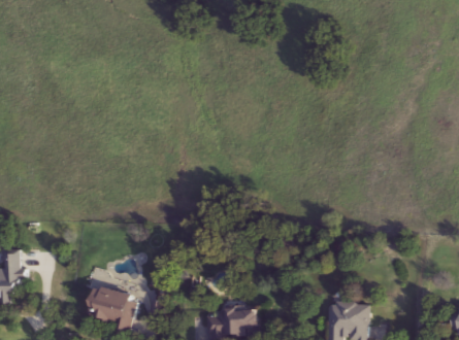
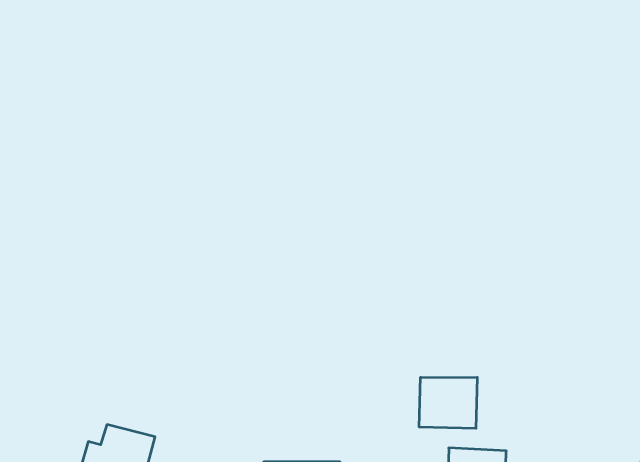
building: none -> [419,377,477,428]

